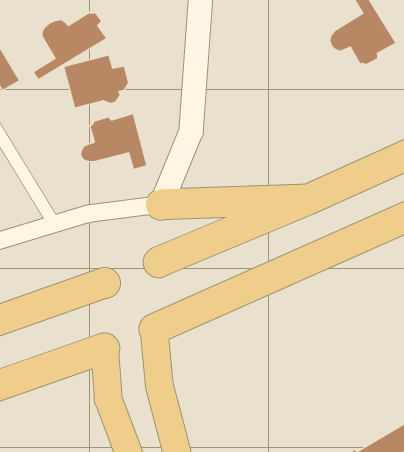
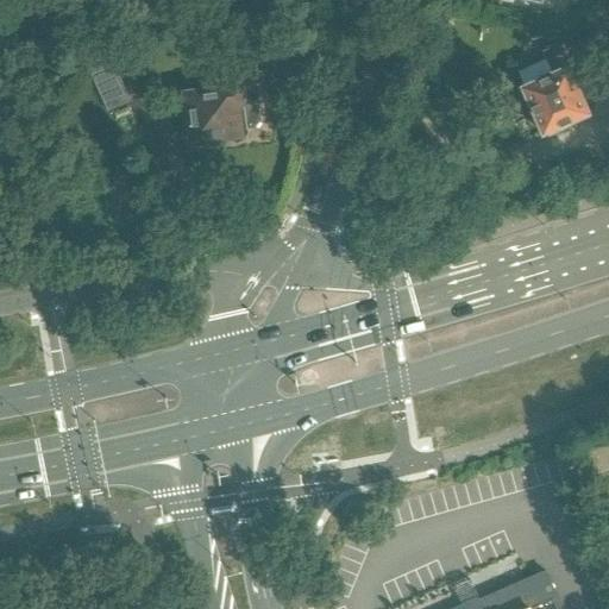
building: [33,12,107,80] -> none
building: [81,114,147,170] -> none

